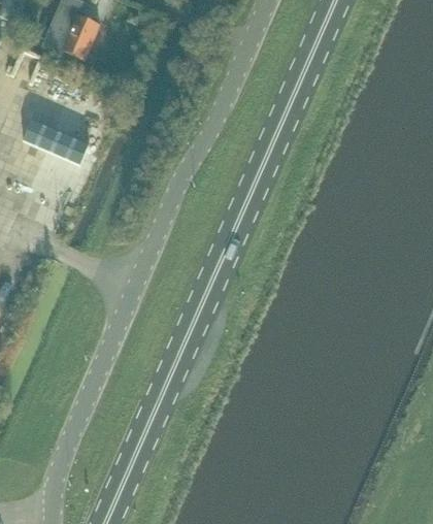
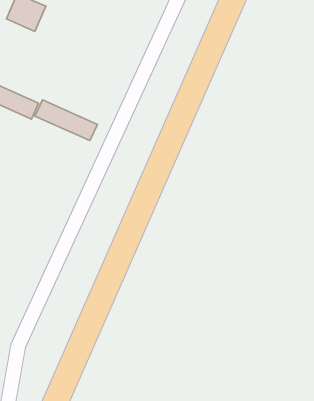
building: none -> [35,100,98,141]

